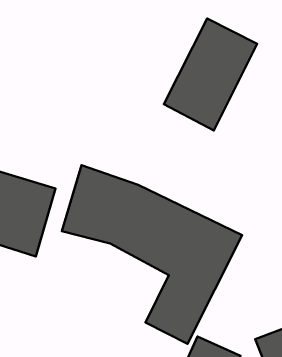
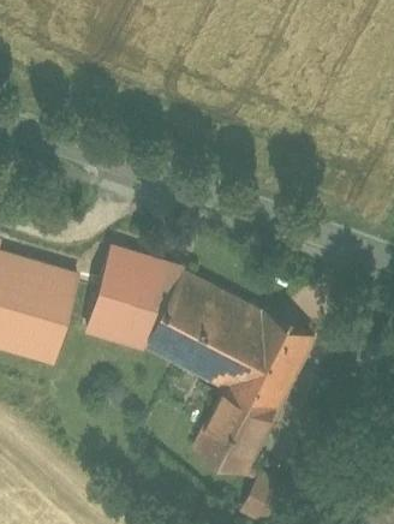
building: [164,18,257,130] -> none

